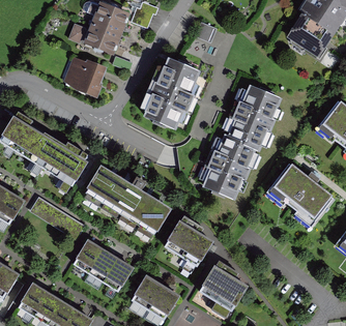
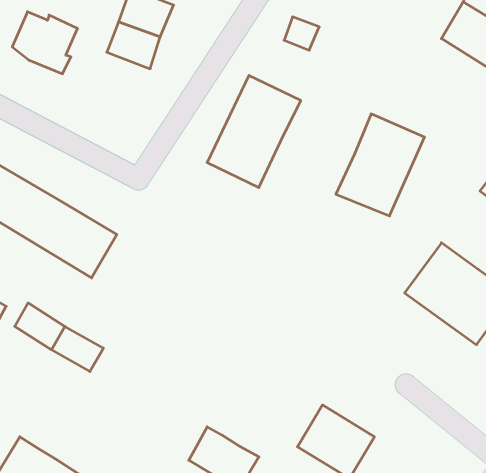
building: [62,60,103,98] -> [12,12,78,74]
building: [203,132,258,196] -> none
building: [85,165,170,236] -> none
building: [167,218,214,264] -> none
building: [73,241,128,287] -> none

